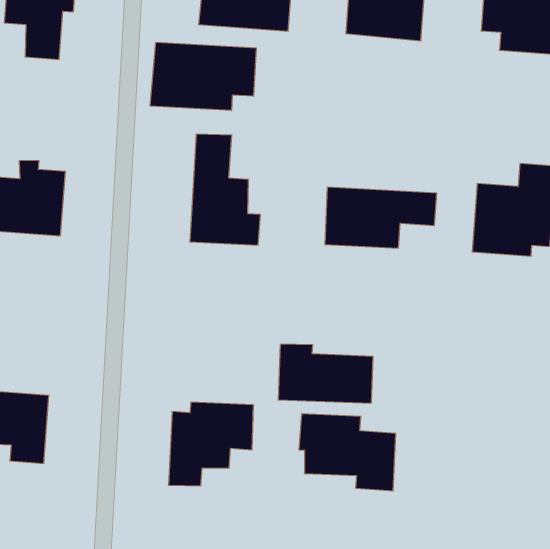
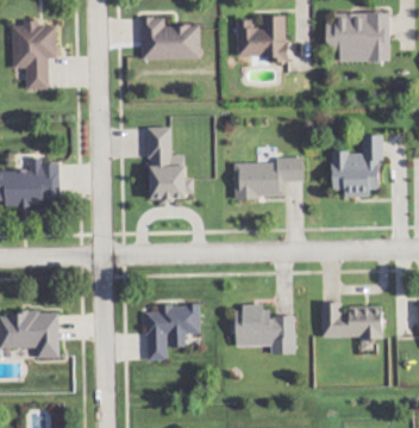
building: [150,42,256,111] -> none
building: [278,344,373,403] -> [318,304,381,342]

